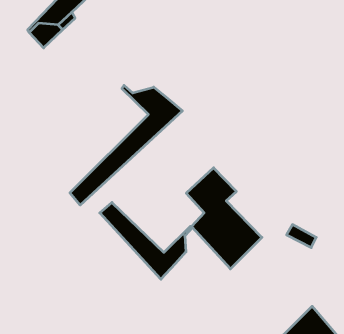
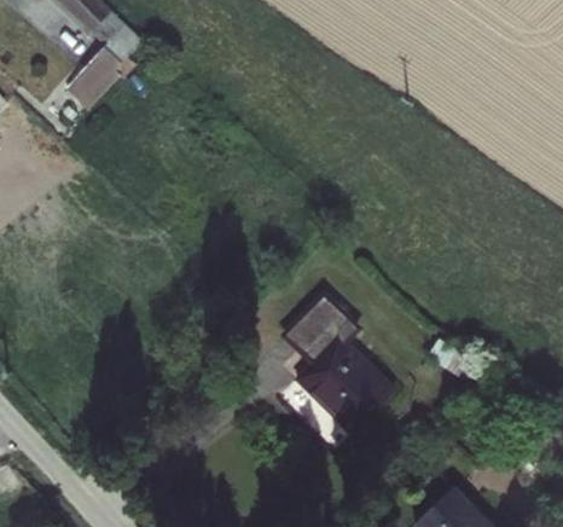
building: [70,85,182,205] -> none
building: [100,202,193,279] -> none

